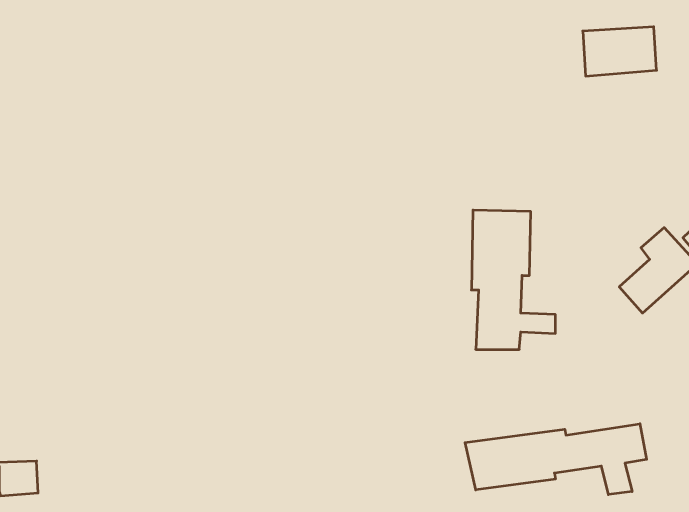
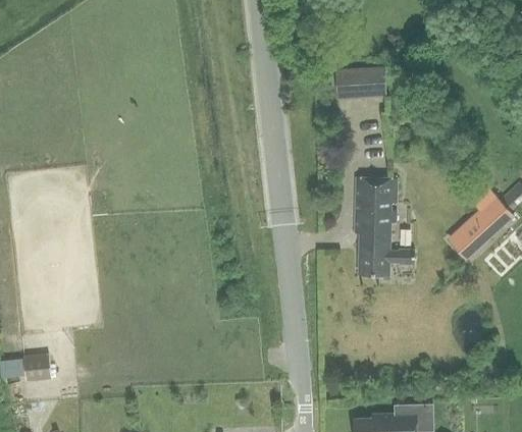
building: [583,27,657,76] -> [334,66,386,101]
building: [465,424,647,495] -> none

